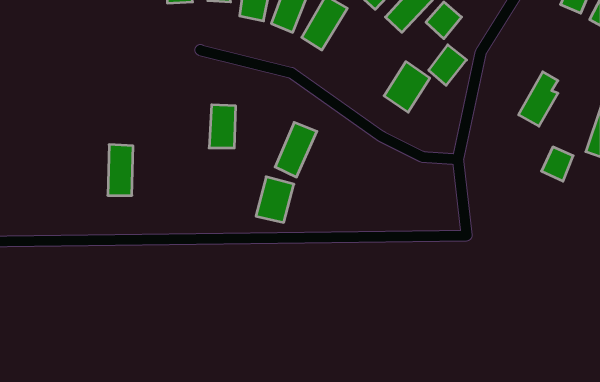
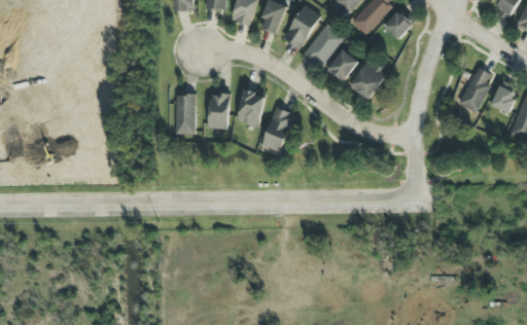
building: none -> [305,23,343,66]
building: [429,45,467,85] -> [327,48,358,81]
building: [108,145,133,195] -> [175,93,196,134]
building: [541,147,573,181] -> [491,84,517,112]
building: [256,177,294,222] -> [236,88,267,125]

